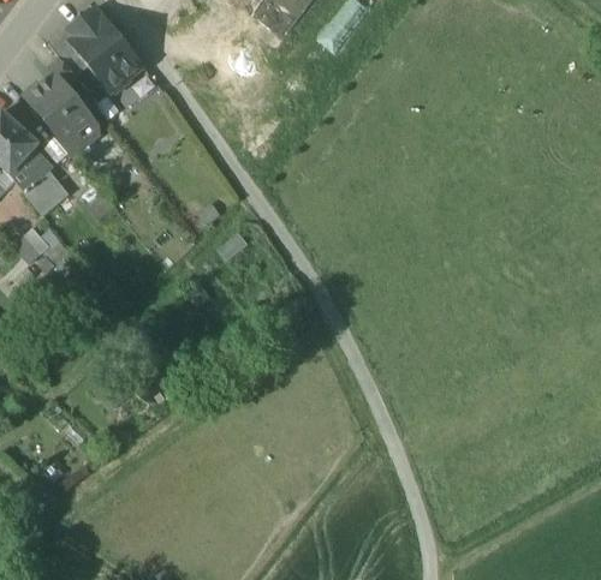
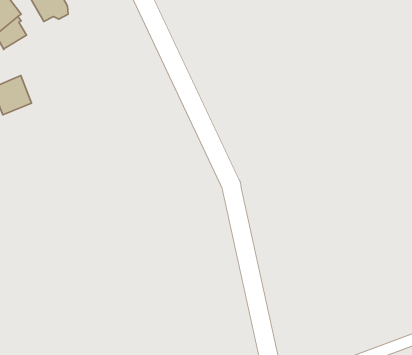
building: [24,169,70,215] -> none

